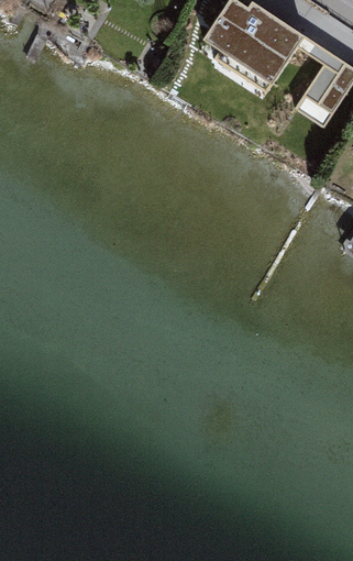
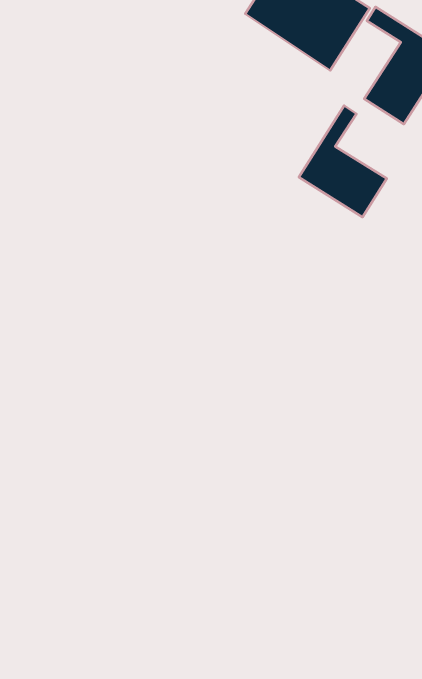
building: none -> [299,106,387,217]

